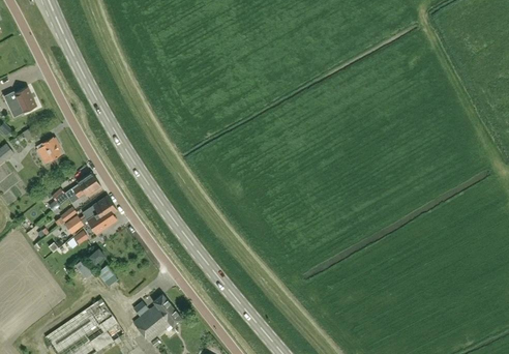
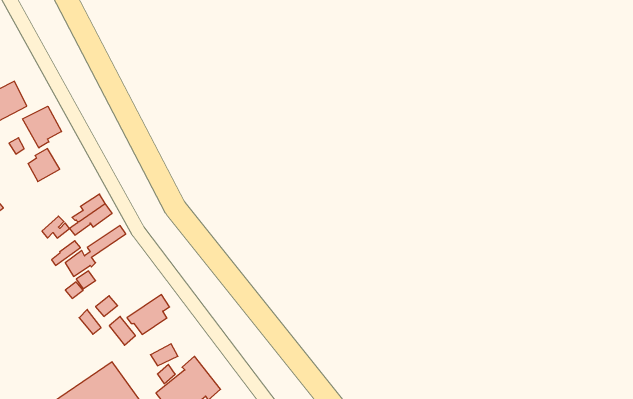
building: none -> [23,106,62,148]
building: [85,203,117,233] -> [127,295,170,334]

